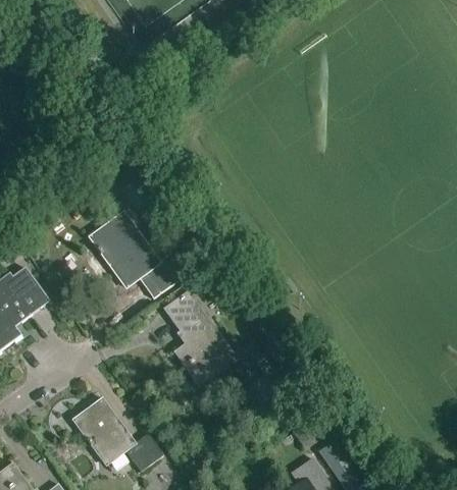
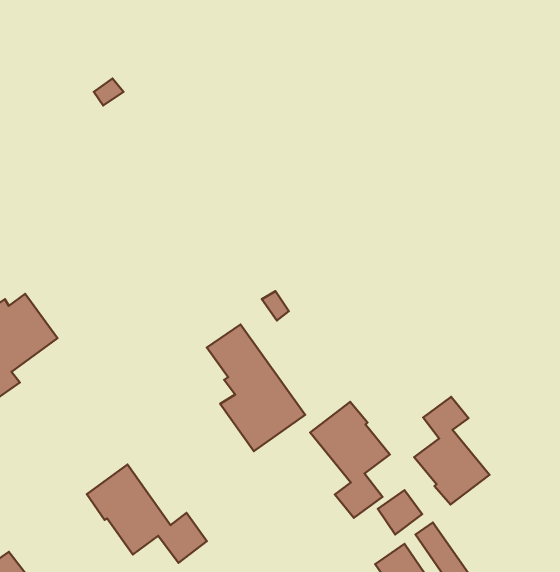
building: [90,213,185,297] -> none
building: none -> [414,397,490,505]
building: none -> [310,402,390,518]

